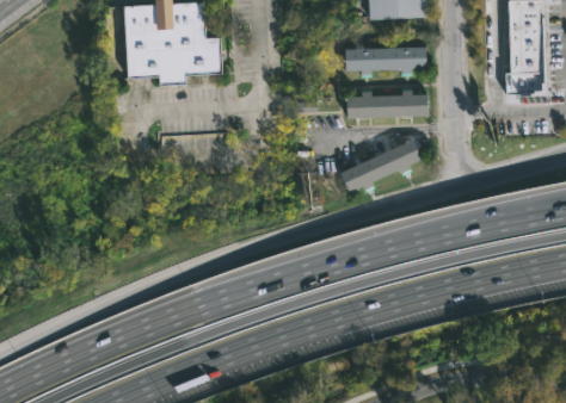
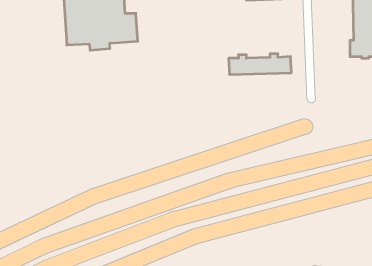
building: [342,46,424,76] -> none
building: [345,137,427,192] -> none

